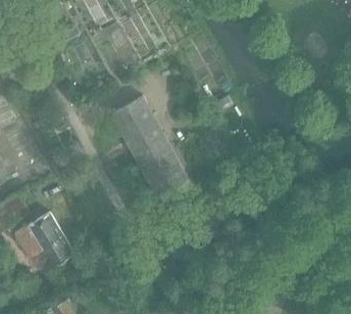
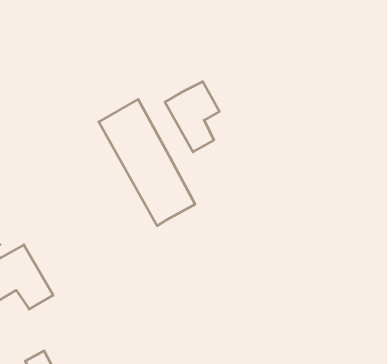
building: none -> [165,82,219,152]

